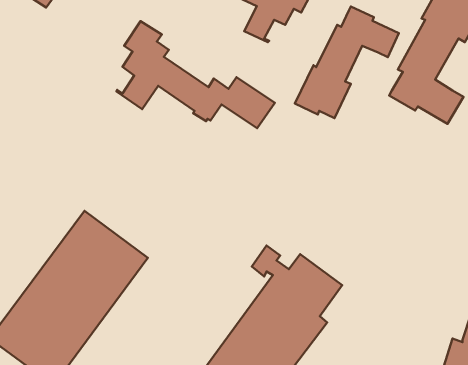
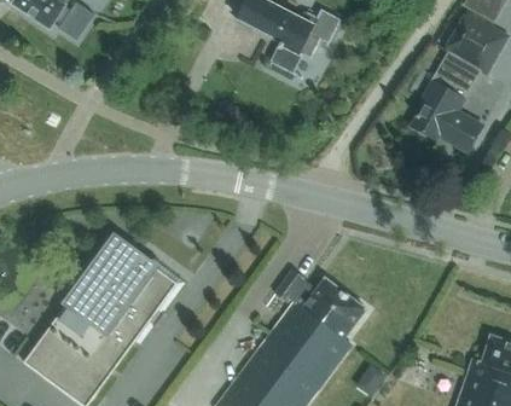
building: [295,6,399,118] -> none
building: [117,21,275,128] -> none

